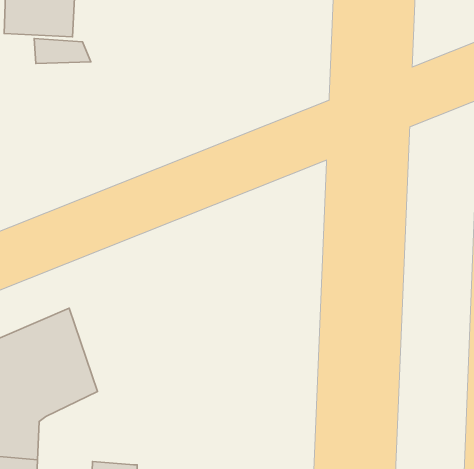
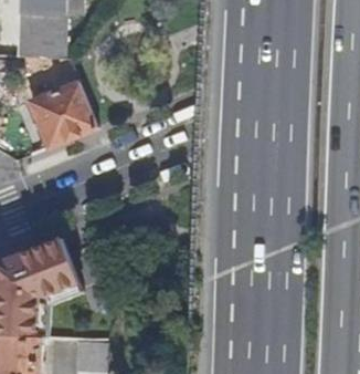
building: none -> [31,82,99,145]

